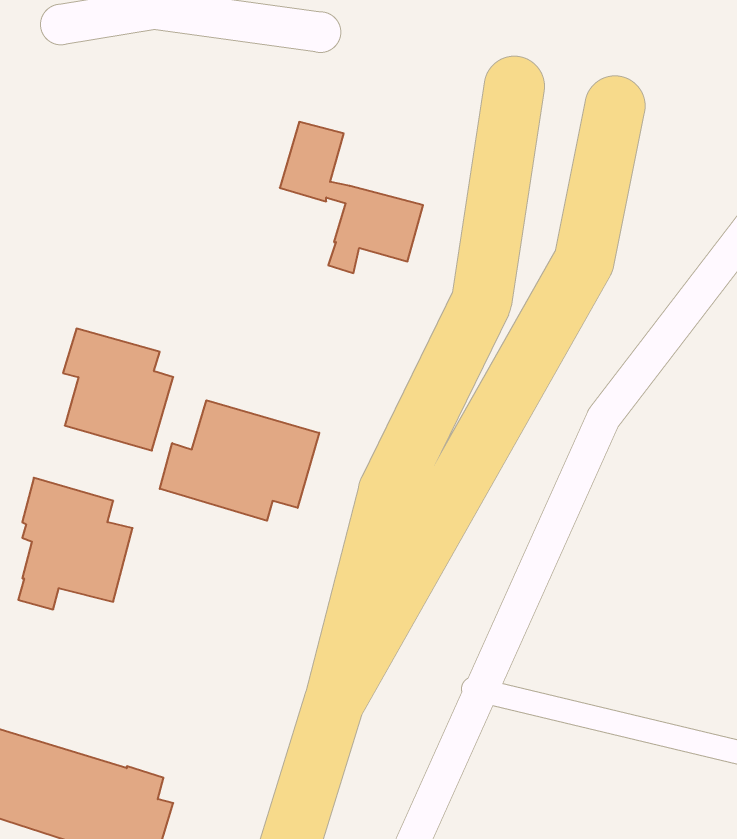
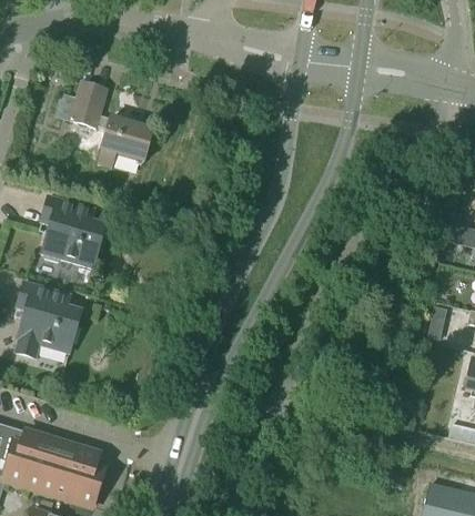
building: [280,122,423,273] -> [70,81,152,168]
building: [160,400,319,521] -> none

